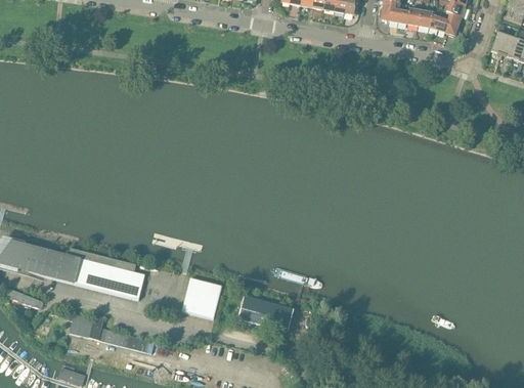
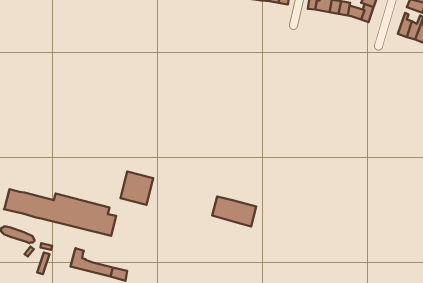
building: [181,277,221,318] -> [121,172,153,205]
building: [238,294,293,331] -> [212,196,256,226]
building: [70,312,93,337] -> none

